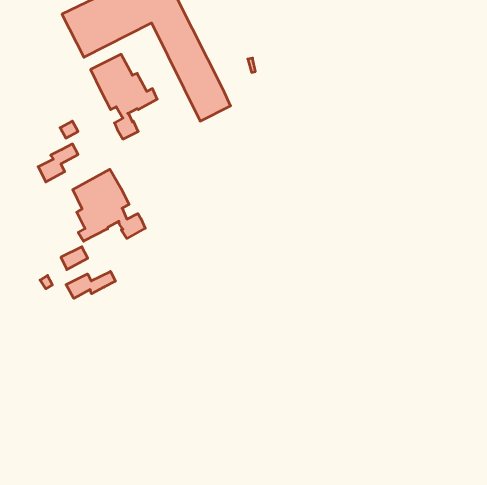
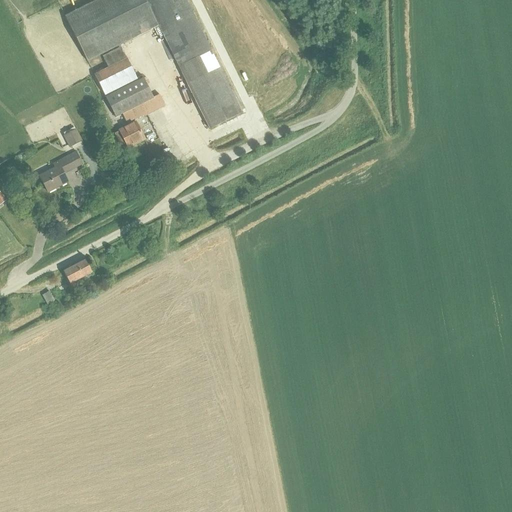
building: [73,169,145,241] -> none
building: [66,271,115,298] -> none

